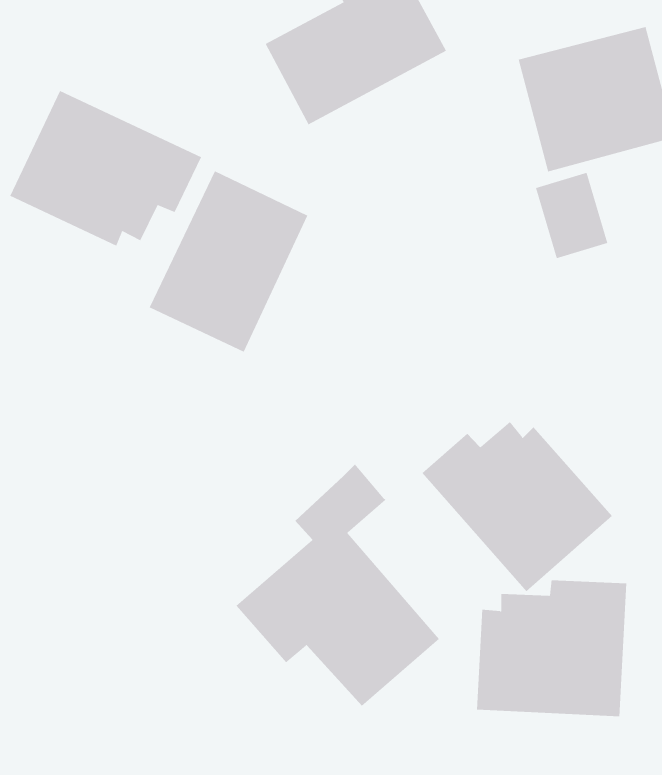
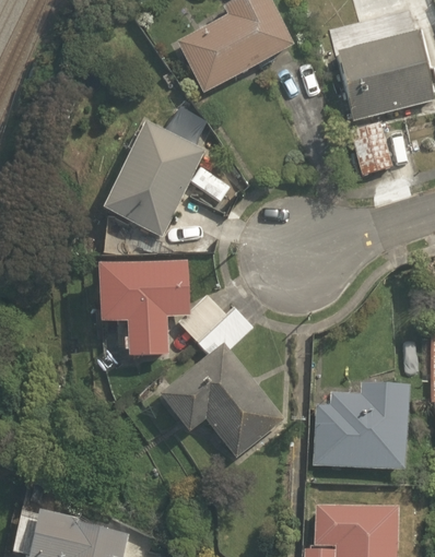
building: [10,90,202,246] -> none
building: none -> [97,261,226,357]
building: [421,421,613,592] -> none

